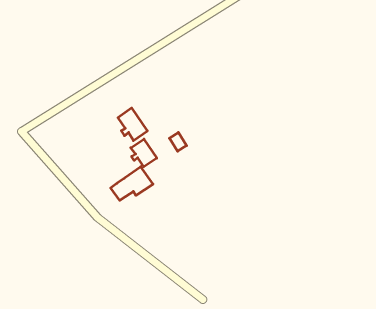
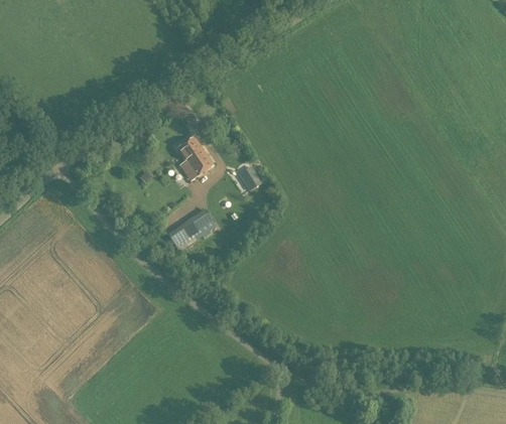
building: [131,139,157,167] -> none

